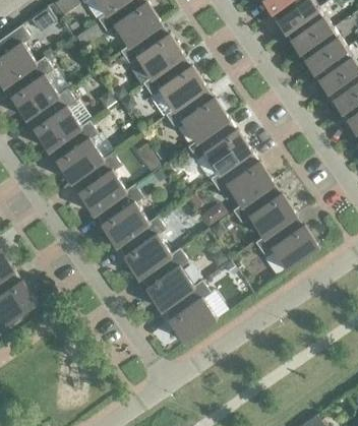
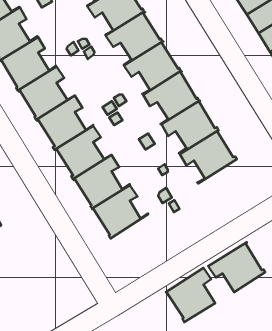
building: [255,216,319,272] -> [208,242,265,292]
building: [161,283,217,345] -> [166,268,215,322]

